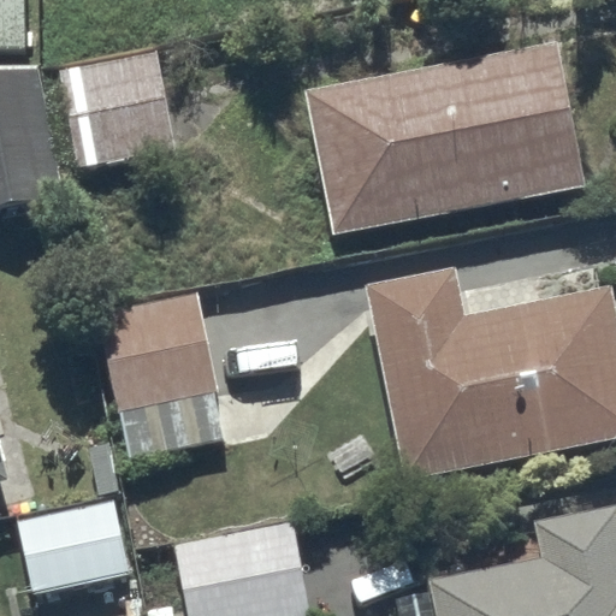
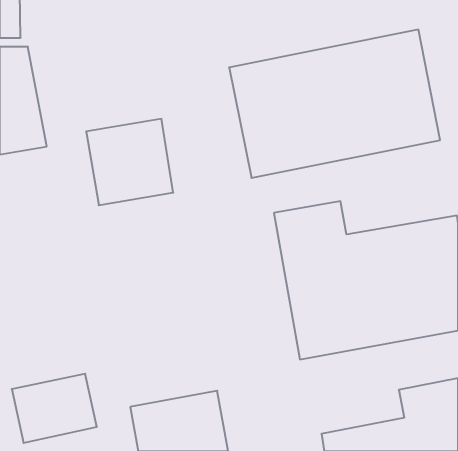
building: [59,52,176,167] -> [86,119,173,205]
building: [97,292,227,458] -> none

